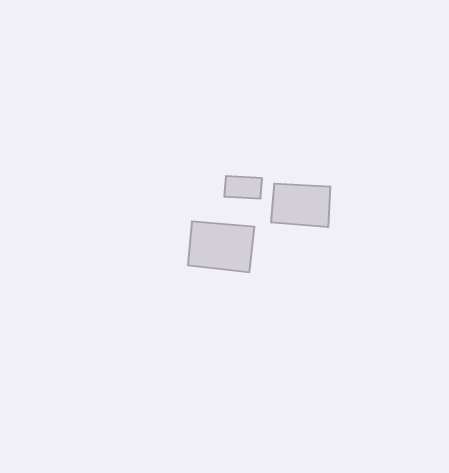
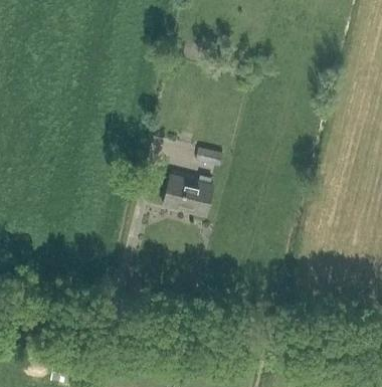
building: [271,183,330,227] -> none

